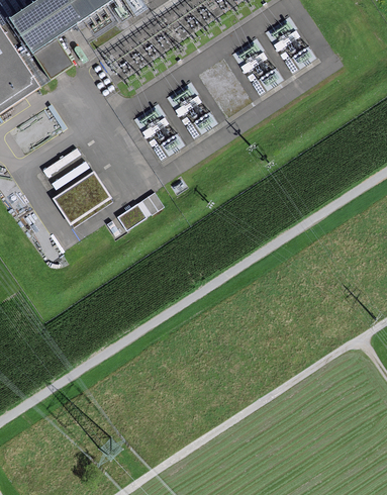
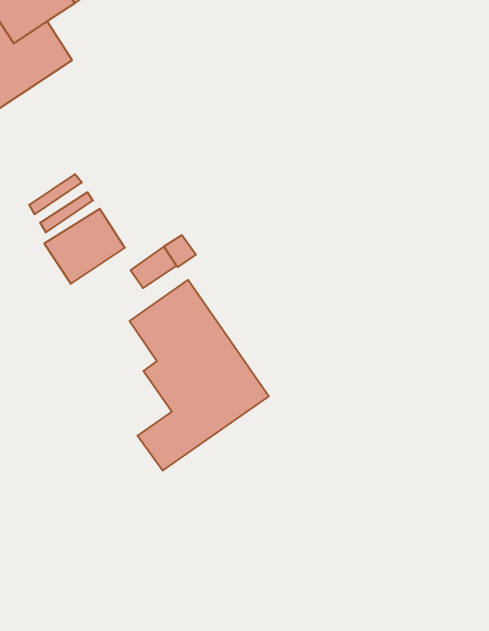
building: none -> [130,280,269,471]

